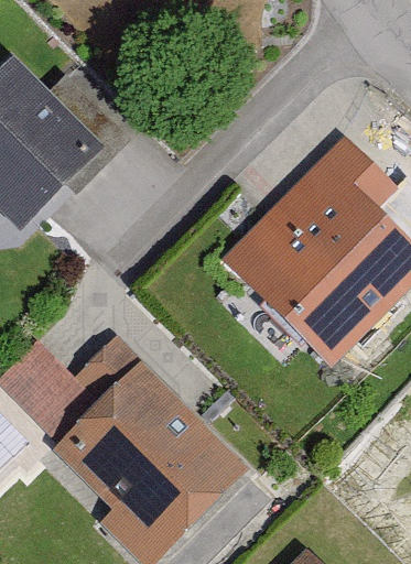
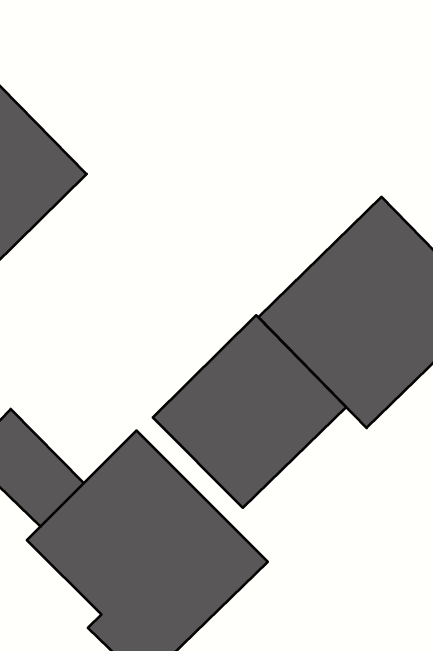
building: none -> [153,315,346,508]

